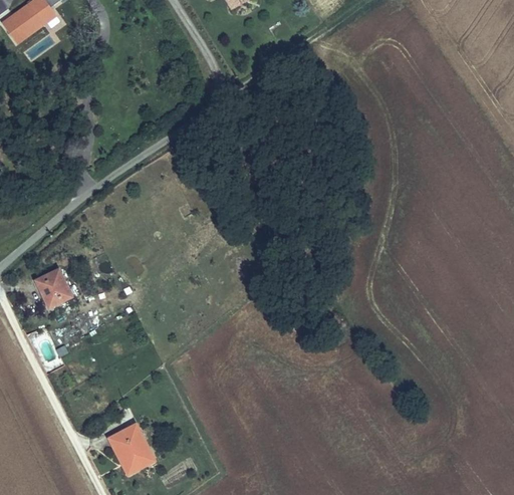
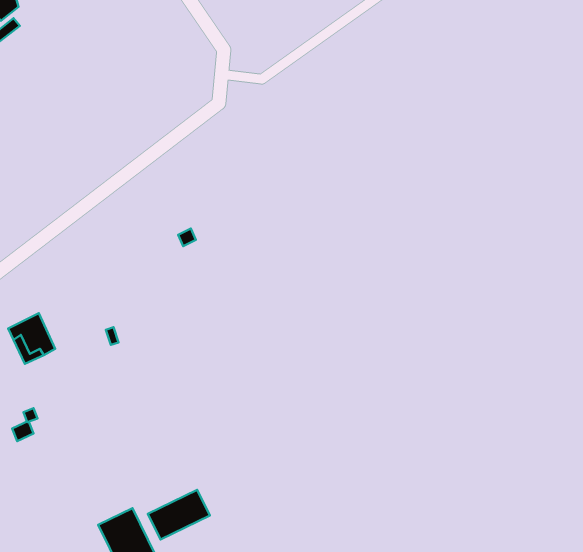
building: none -> [148,490,210,539]

